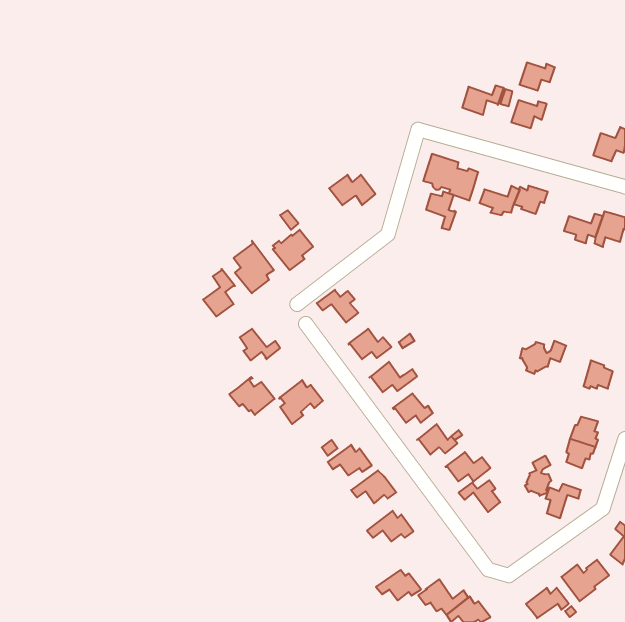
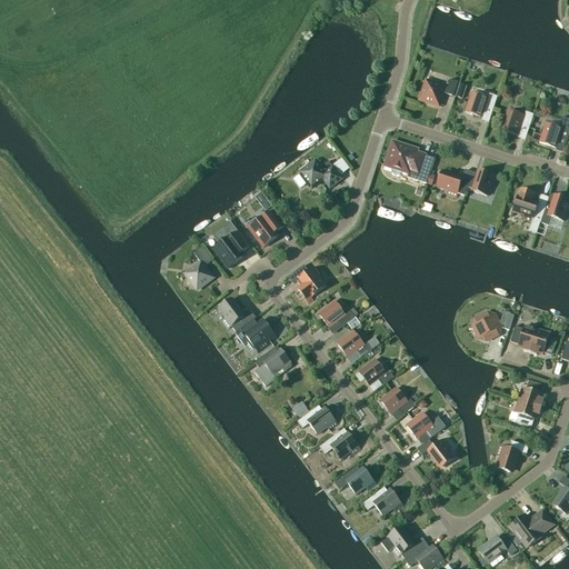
building: [519,63,555,91] -> [501,109,533,134]
building: [426,191,456,230] -> none
building: none -> [510,325,537,351]
building: [229,377,275,415] -> [234,317,276,351]
building: [525,456,551,496] -> none
building: [376,570,421,600] -> [362,487,403,515]

